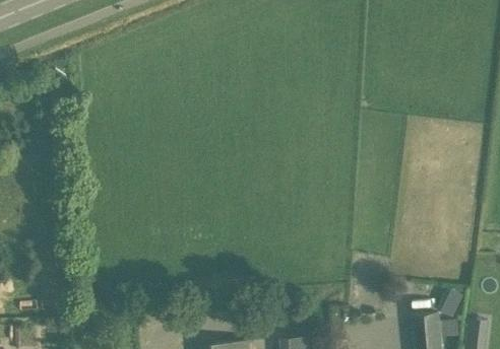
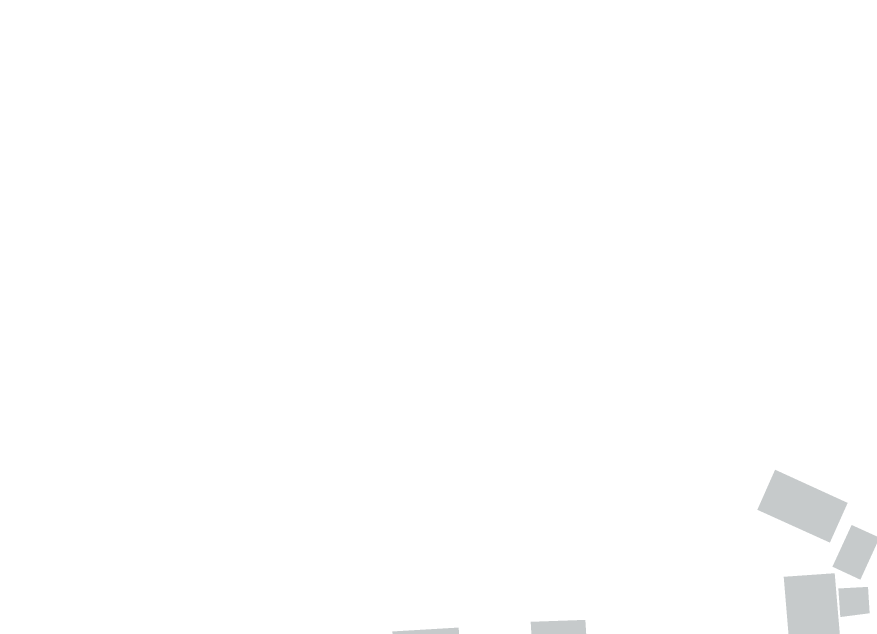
building: none -> [756,469,849,544]

